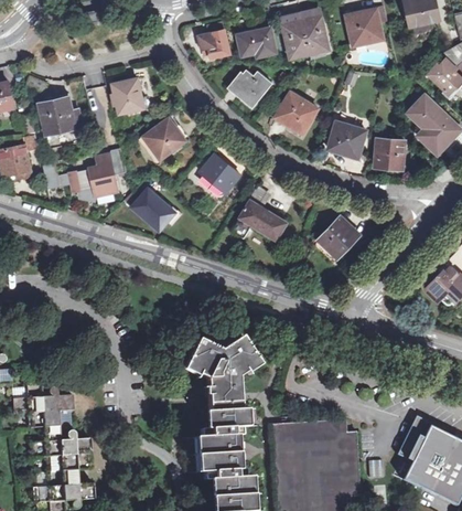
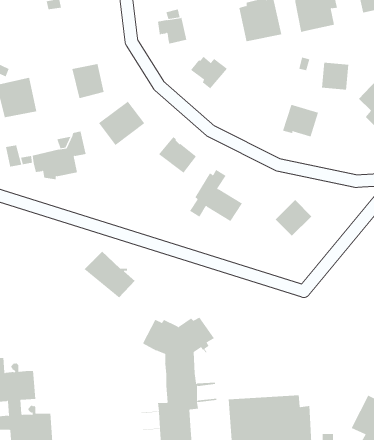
building: [239,31,277,57] -> none
building: [277,91,320,134] -> none
building: [376,138,405,167] -> [321,62,349,90]
building: [125,182,178,231] -> [84,251,135,298]

